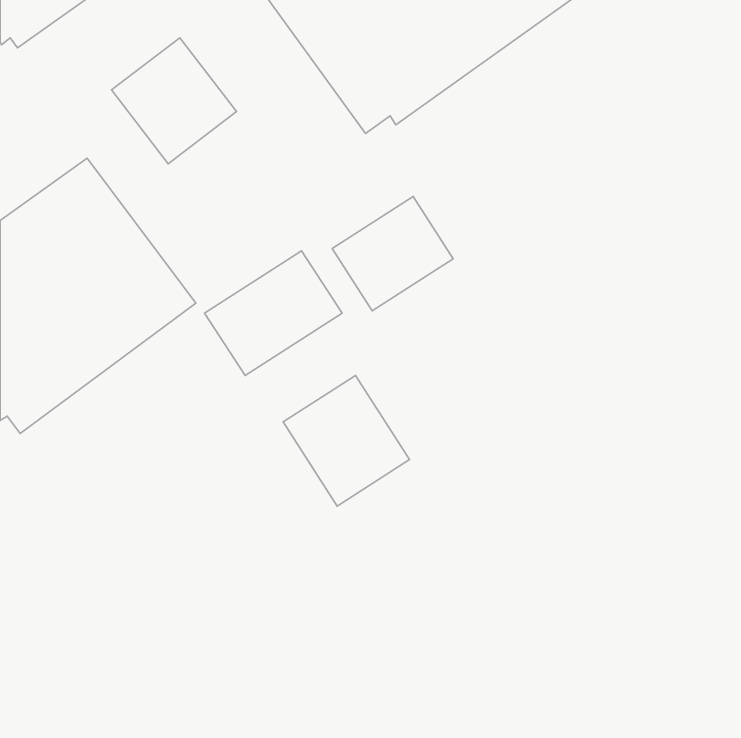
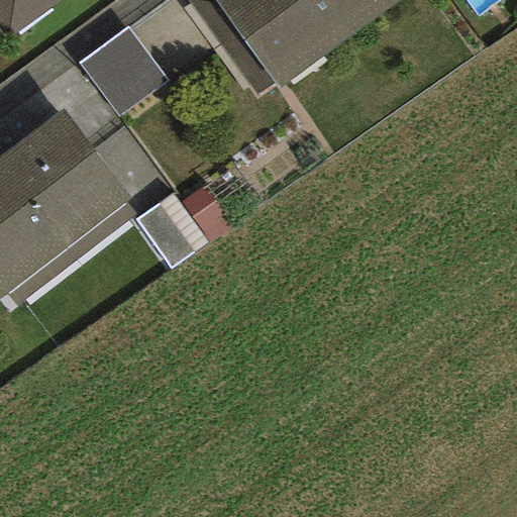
building: [332,197,453,311] -> none
building: [283,375,410,506] -> none

